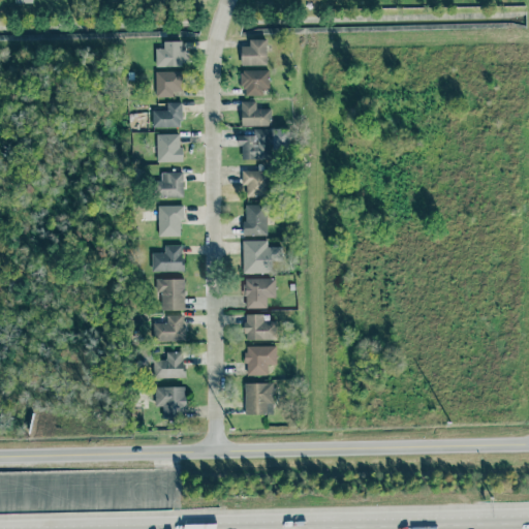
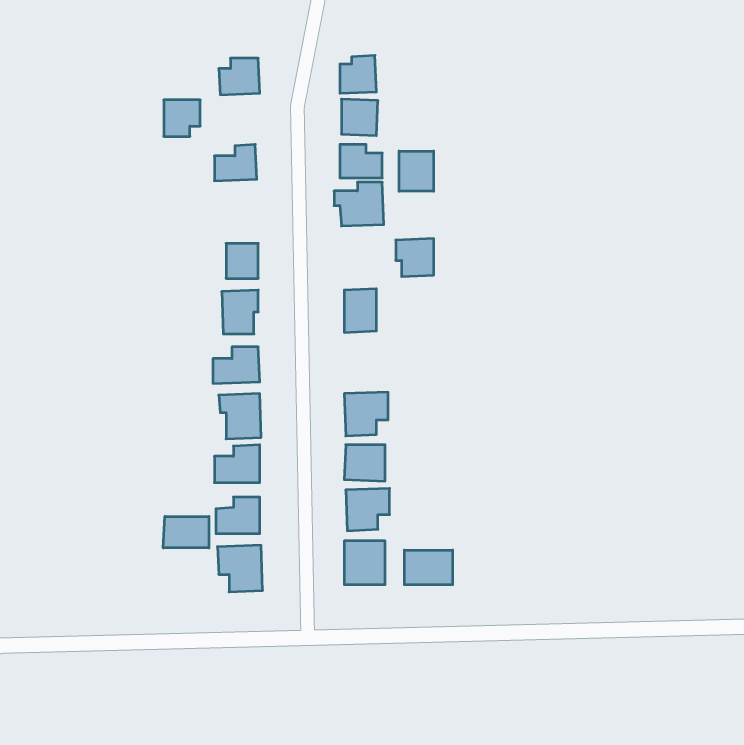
building: [156,72,182,98] -> [164,100,200,136]
building: none -> [399,151,434,191]
building: [157,134,182,162] -> none
building: [243,170,270,197] -> [396,239,434,277]
building: [243,241,283,274] -> none
building: none -> [163,516,209,548]
building: none -> [404,550,453,585]

